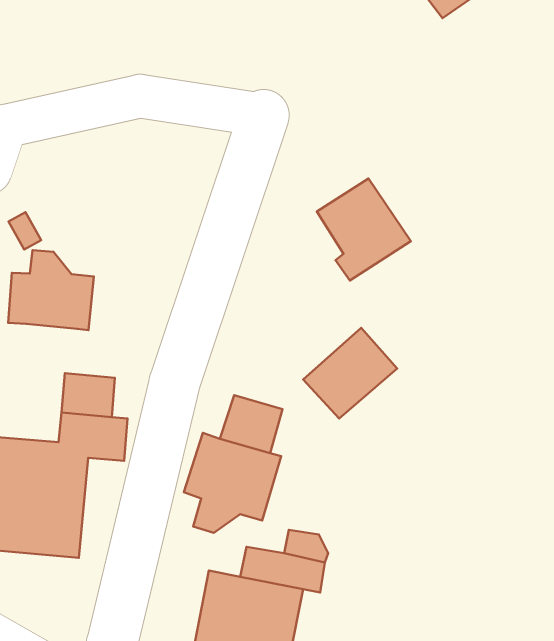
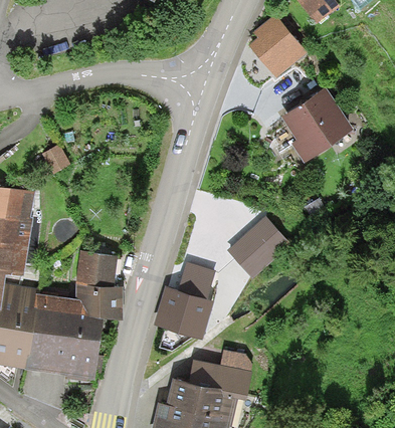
building: none -> [248,19,301,72]
building: [317,179,411,280] -> [285,88,346,154]
building: [8,250,94,330] -> none

